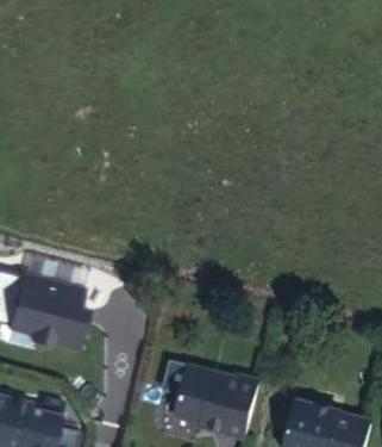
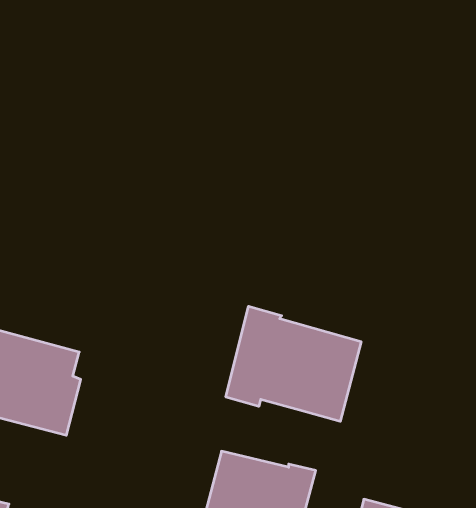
building: none -> [226,306,361,421]

